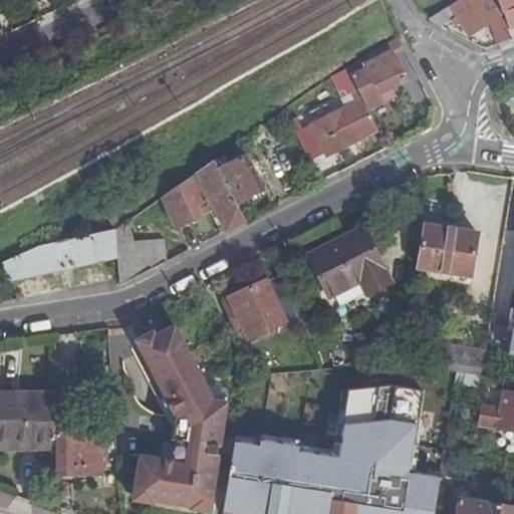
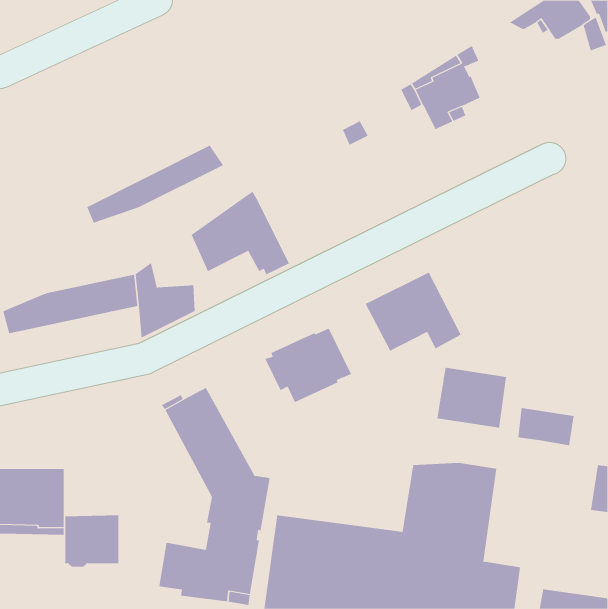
building: [295,91,376,164] -> none
building: none -> [87,145,224,223]
building: [218,157,261,204] -> none
building: [418,225,477,276] -> [437,367,507,428]

